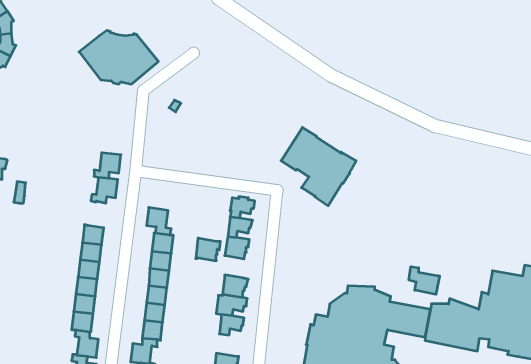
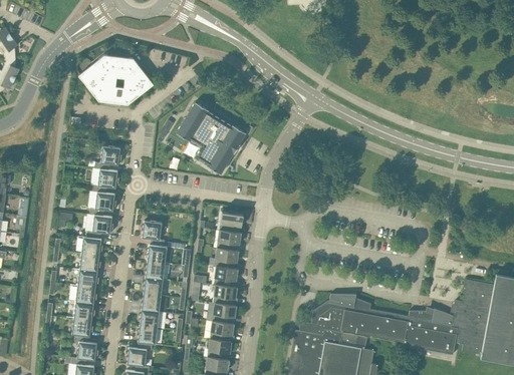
building: [281,127,356,206] -> [174,104,244,177]
building: none -> [95,146,121,170]
building: none -> [87,215,112,240]
building: [196,238,220,261] -> [215,266,238,287]
building: [409,267,440,294] -> none
building: none -> [208,339,232,360]

